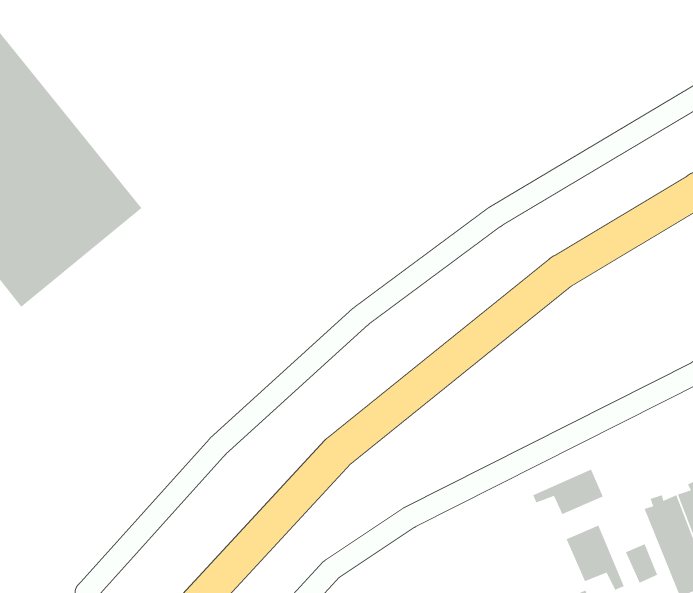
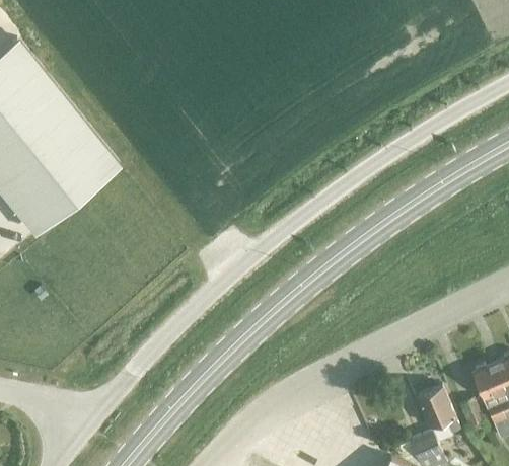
building: [532,468,604,515] -> none

